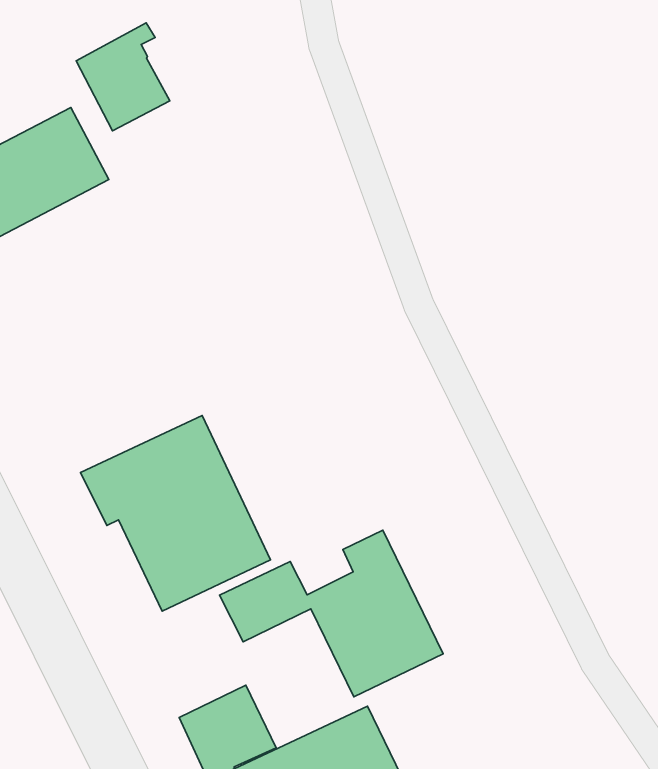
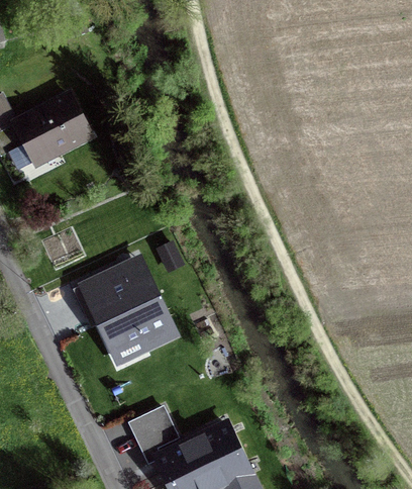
building: [76,23,170,131] -> none
building: [219,530,443,697] -> none

